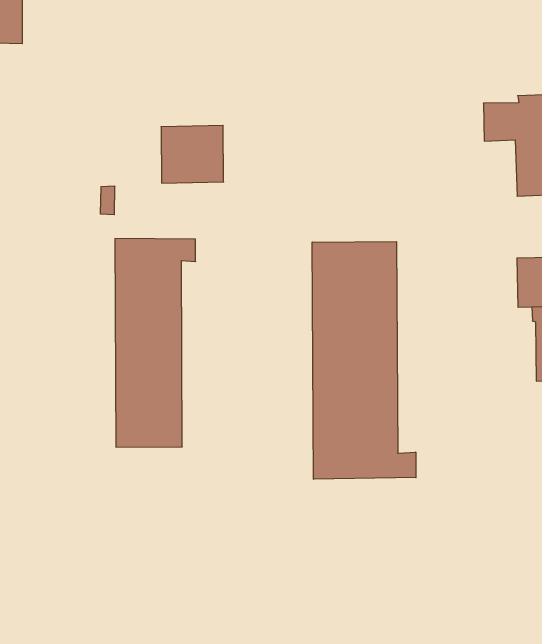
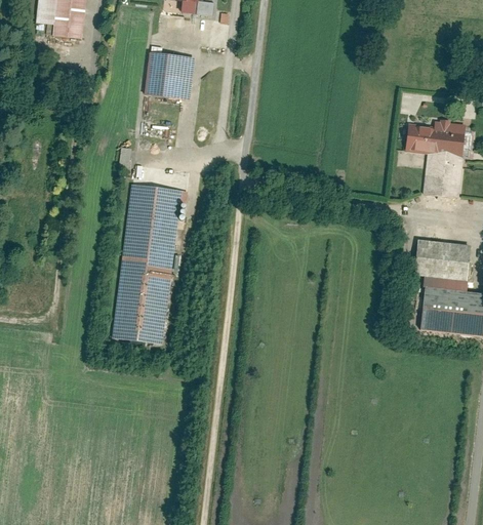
building: [161,125,224,183] -> [145,52,195,98]
building: [312,242,416,479] -> none

